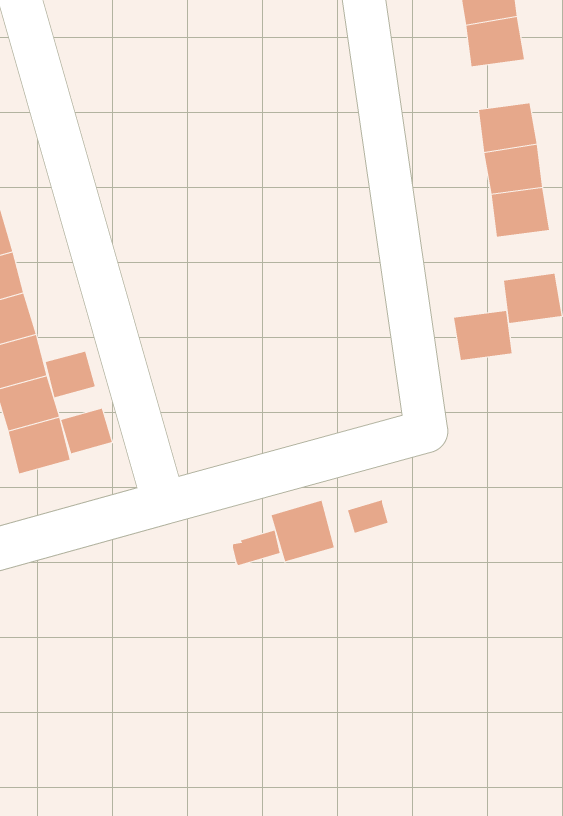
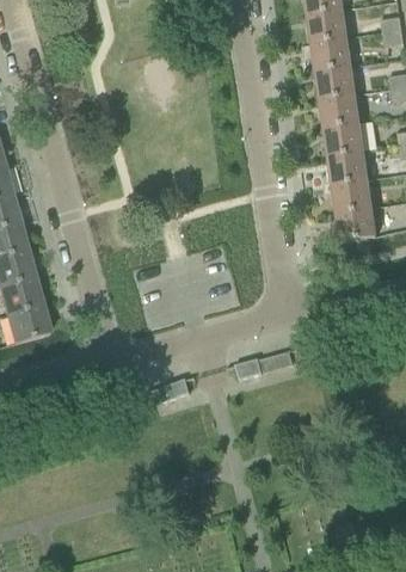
building: none -> [316,64,356,98]
building: [453,310,512,361] -> [333,178,373,211]
building: [45,351,96,398] -> none
building: [61,408,113,454] -> none
building: [271,500,335,562] -> none

